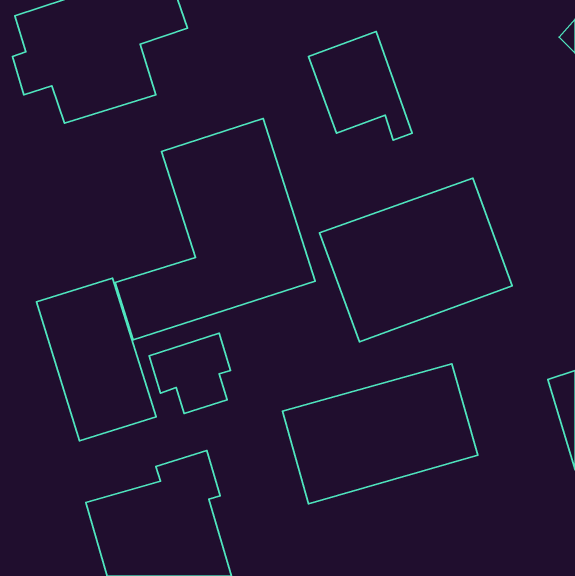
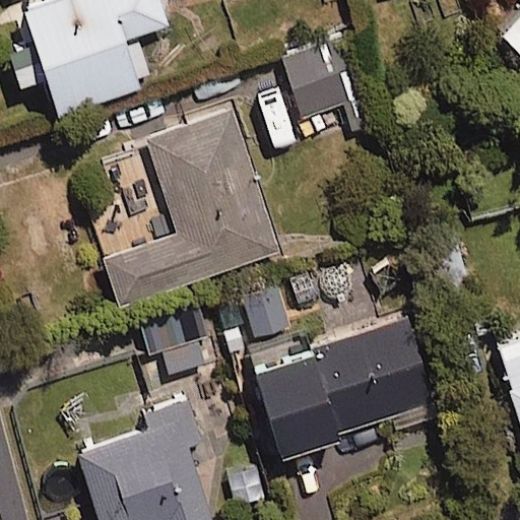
building: [319,178,512,342] -> none
building: [37,278,156,441] -> none

